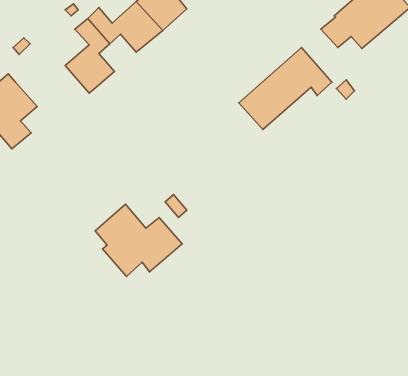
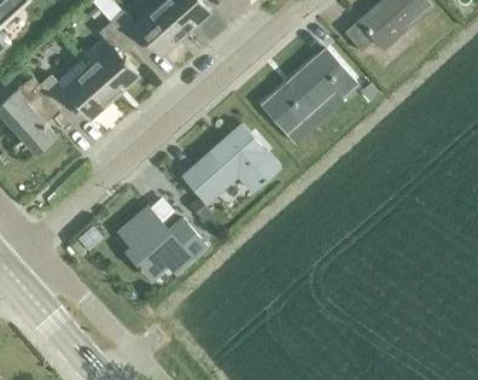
building: none -> [39,69,112,117]
building: none -> [186,130,279,203]

